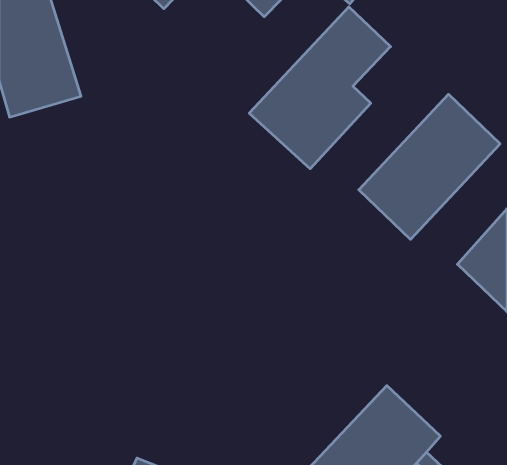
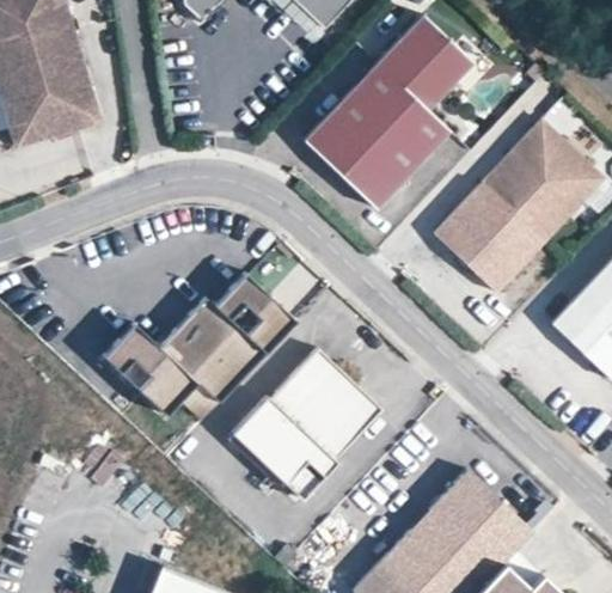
building: none -> [103,273,295,415]
building: none -> [231,348,381,500]

